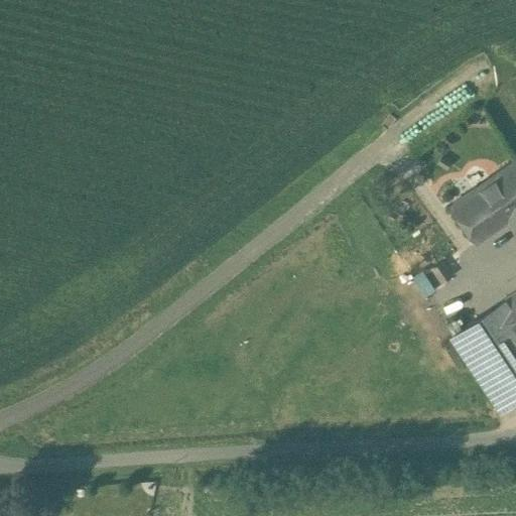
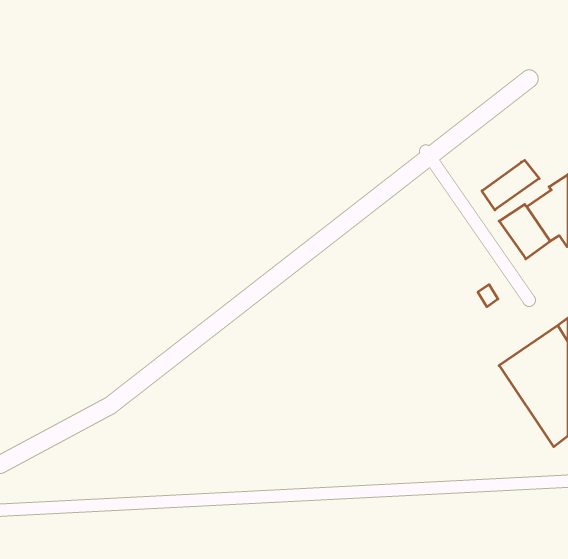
building: none -> [482,160,539,210]

